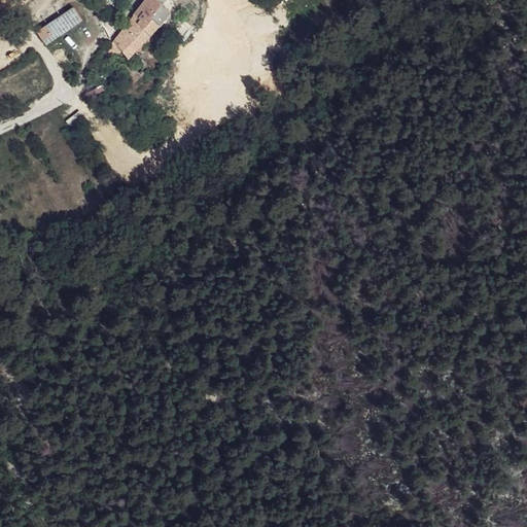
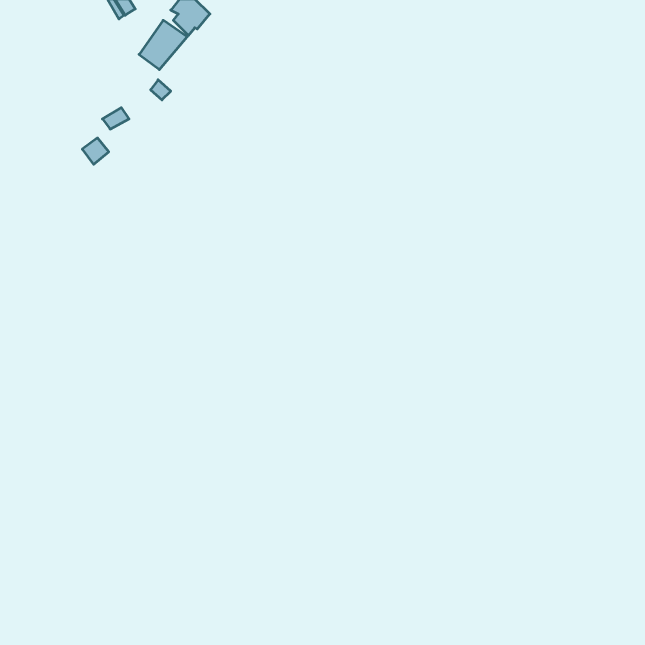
building: [36,6,81,43] -> none

